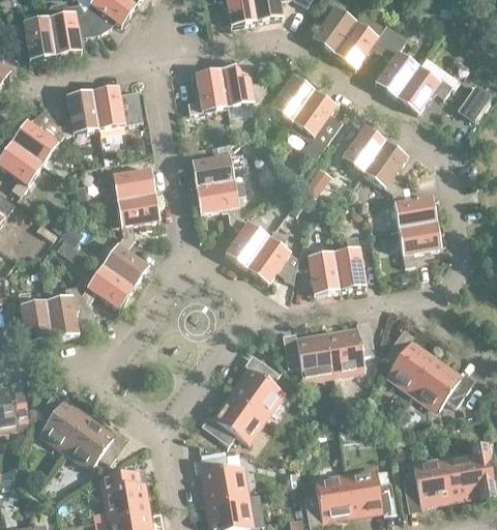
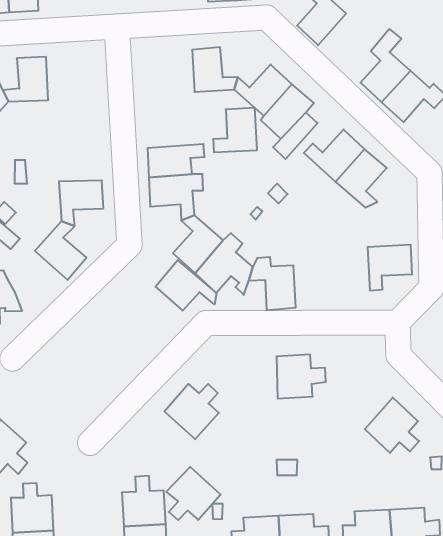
building: [334,14,397,67] -> none
building: [188,69,229,113] -> [213,108,257,152]
building: [93,86,144,128] -> none
building: [101,169,155,200] -> none
building: [392,186,437,228] -> none
building: [334,235,367,289] -> none
building: none -> [156,260,216,311]
building: [82,264,135,307] -> none
building: [287,334,333,377] -> none
building: [385,342,436,390] -> none
building: [215,394,264,443] -> [166,467,221,520]

